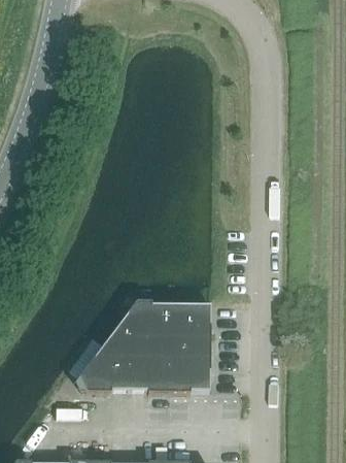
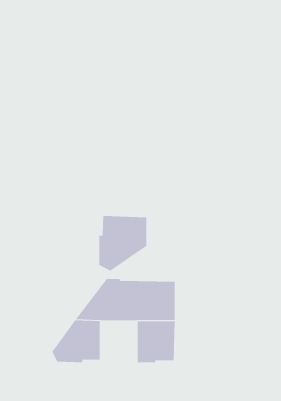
building: none -> [99,215,147,271]
building: [129,346,168,392] -> none

